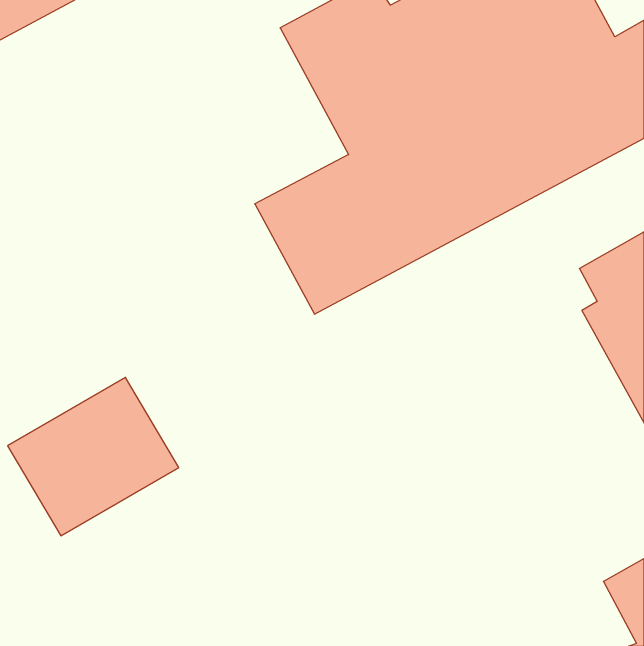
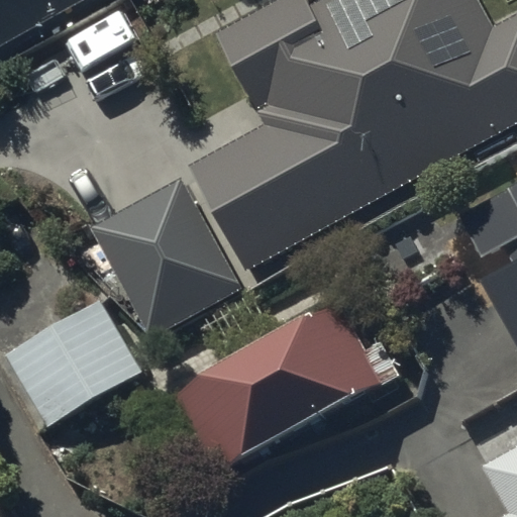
building: none -> [94,179,234,329]
building: none -> [180,308,380,474]

